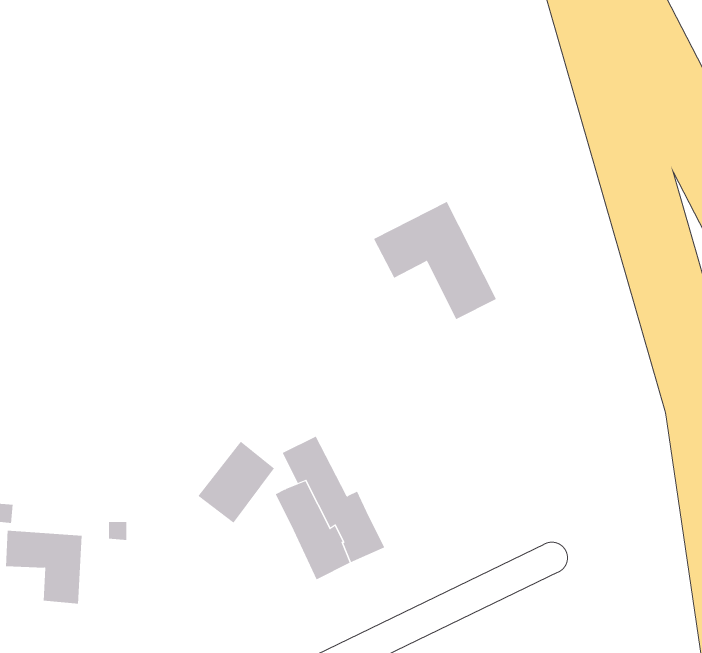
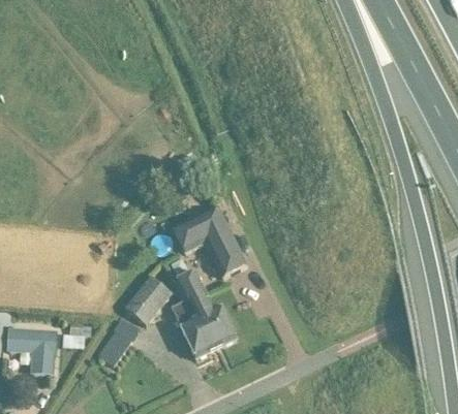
building: [373,201,497,320] -> [173,206,247,278]
building: none -> [98,318,139,367]

